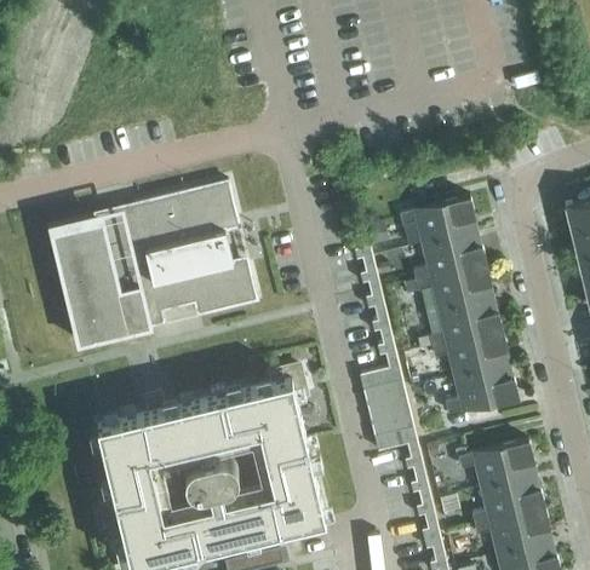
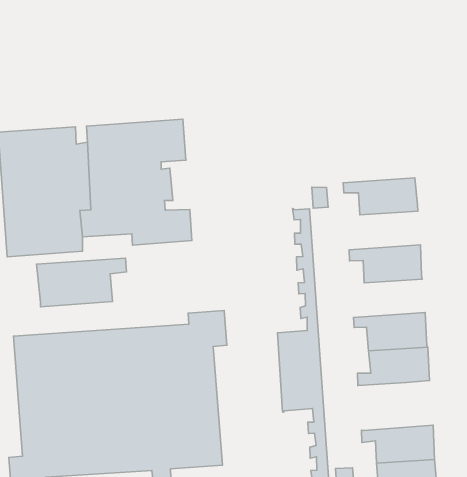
building: [413,234,486,283] -> none
building: [429,300,502,350] -> none
building: none -> [37,258,127,307]

